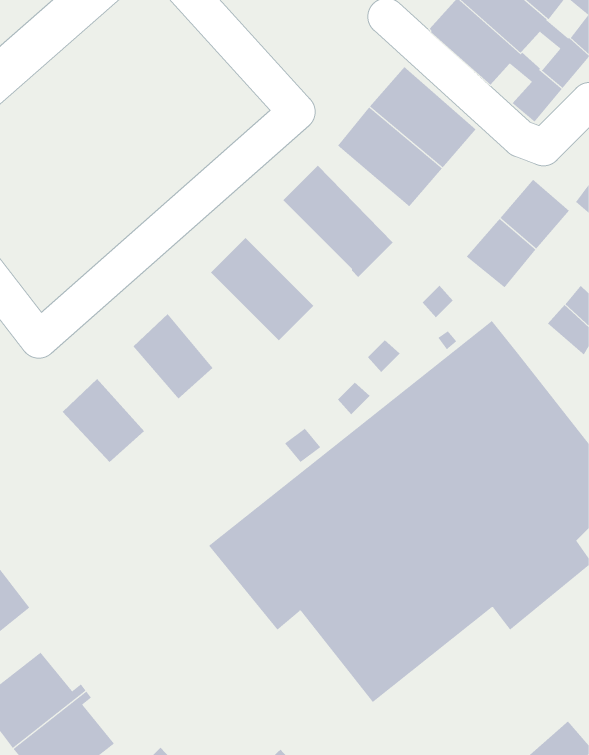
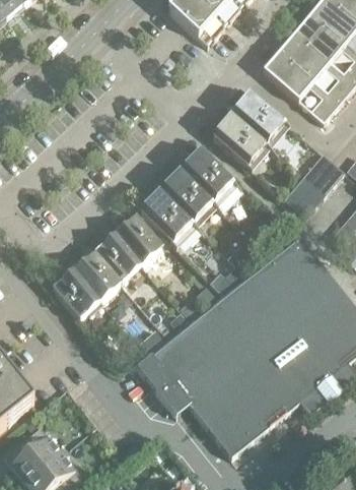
building: none -> [157,166,218,227]
building: none -> [113,211,160,262]
building: none -> [72,250,119,299]

